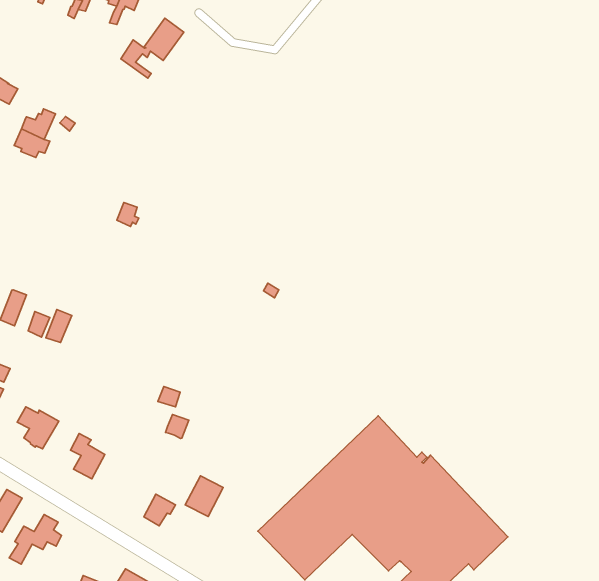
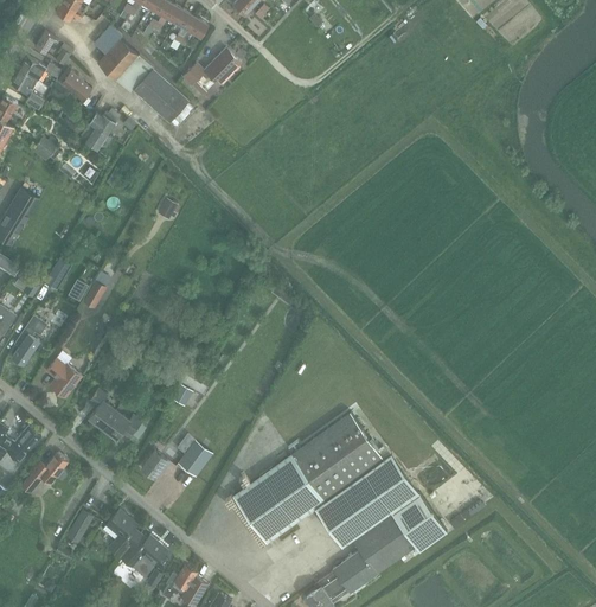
building: none -> [92,25,186,121]
building: none -> [101,409,140,437]

